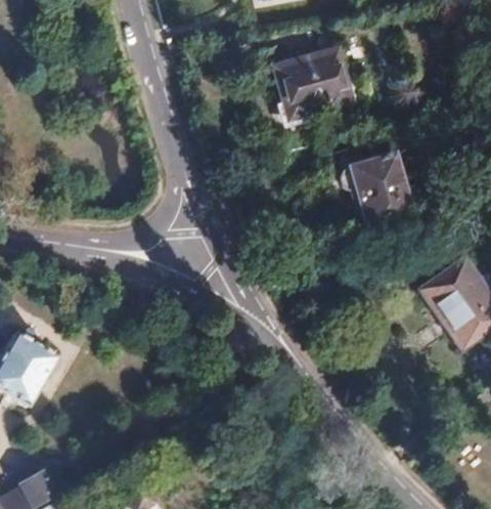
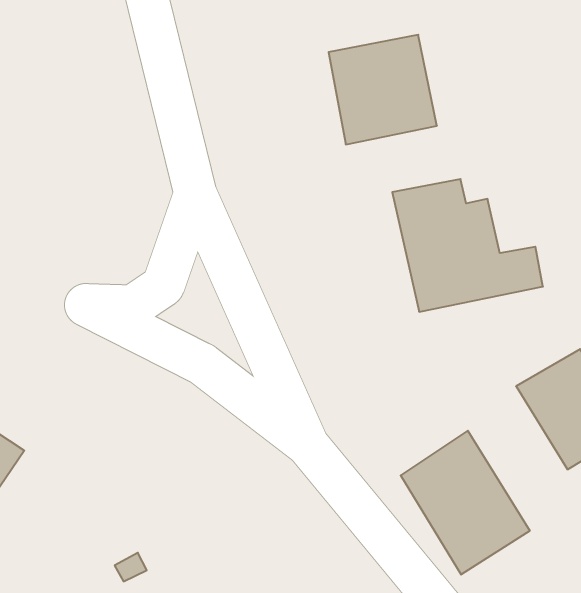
building: none -> [401,431,530,575]

